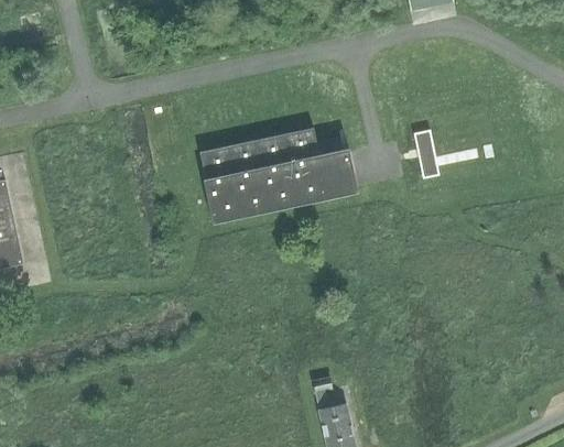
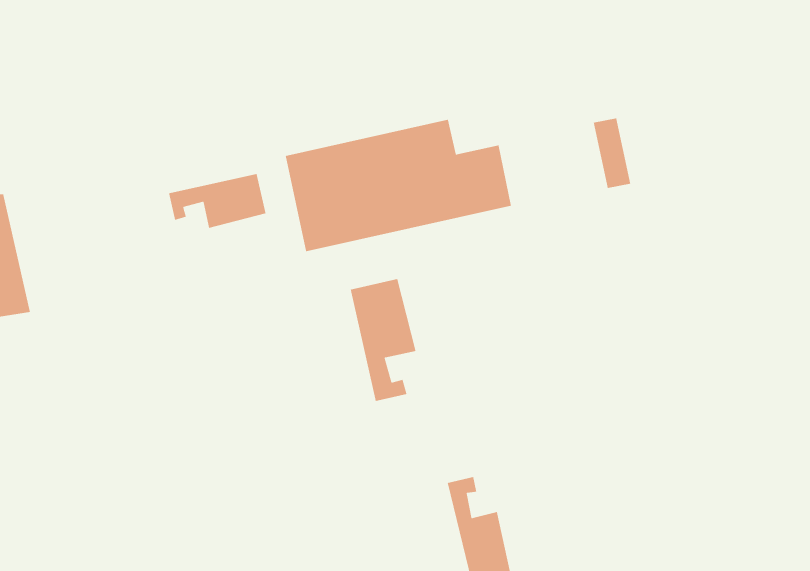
building: none -> [168,173,266,229]
building: none -> [350,278,416,402]

